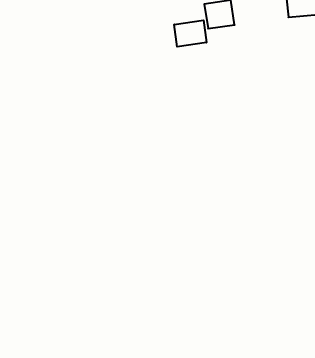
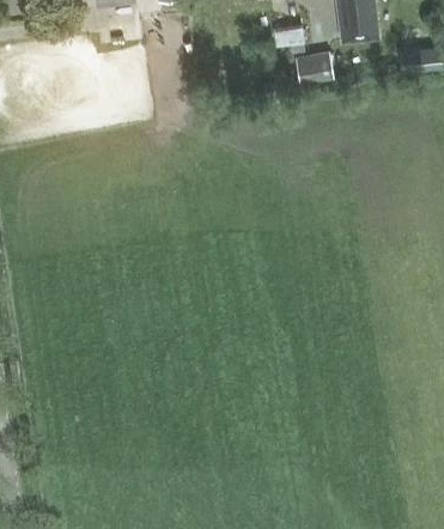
building: [174,20,206,47] -> none

